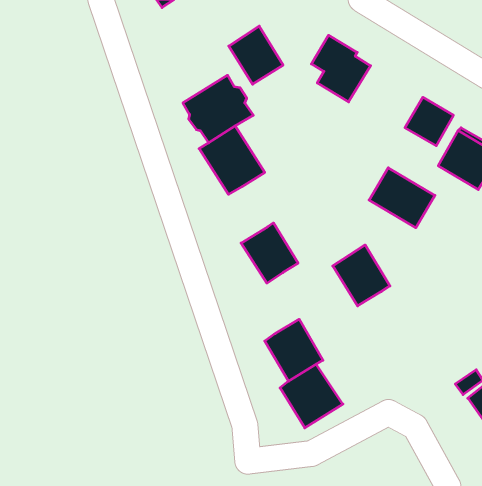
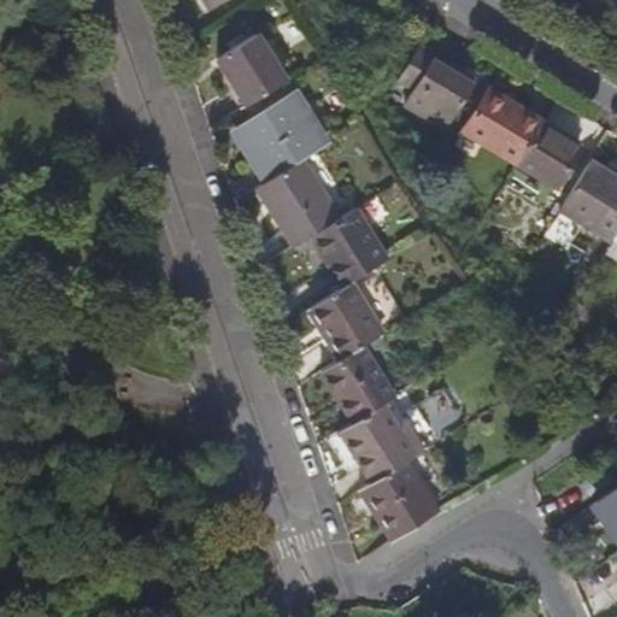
building: [229,26,283,84] -> [218,33,287,106]
building: none -> [312,207,390,287]
building: [369,168,435,228] -> [459,86,542,161]
building: [333,245,390,306] -> [323,345,395,422]

